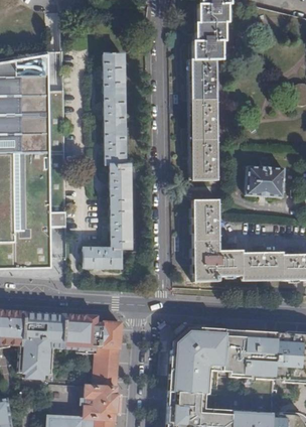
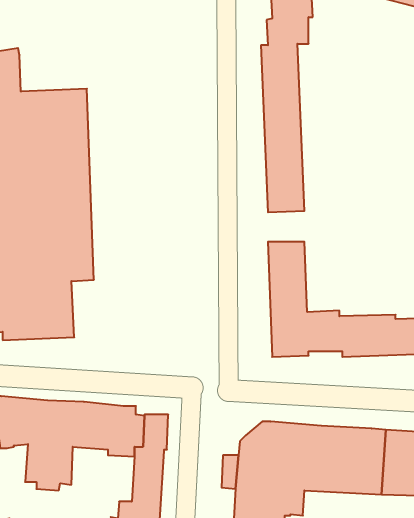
building: [14,51,63,91] -> none
building: [86,52,133,268] -> none
building: [248,165,285,195] -> none

